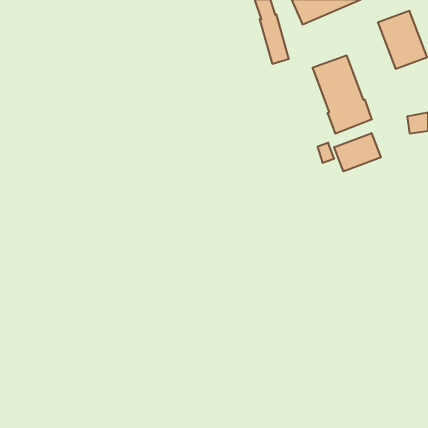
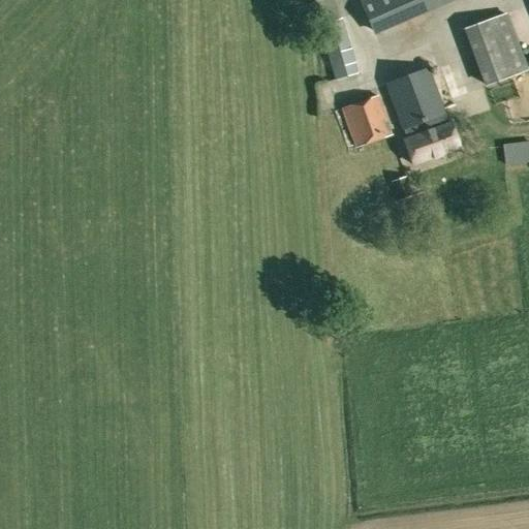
building: none -> [342,95,392,147]
building: [334,133,381,171] -> none

